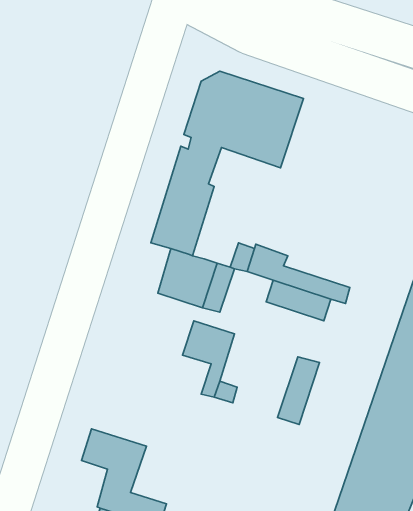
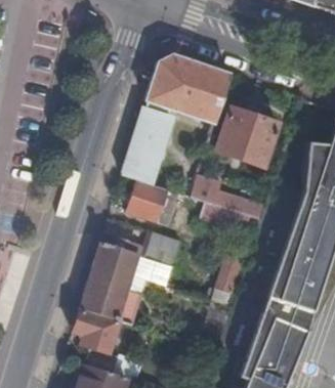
building: none -> [215,107,278,167]
building: none -> [79,242,139,325]

